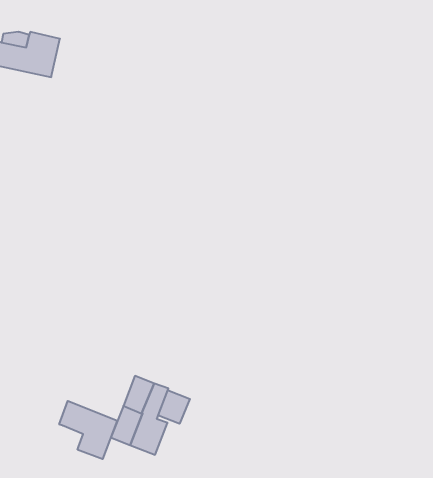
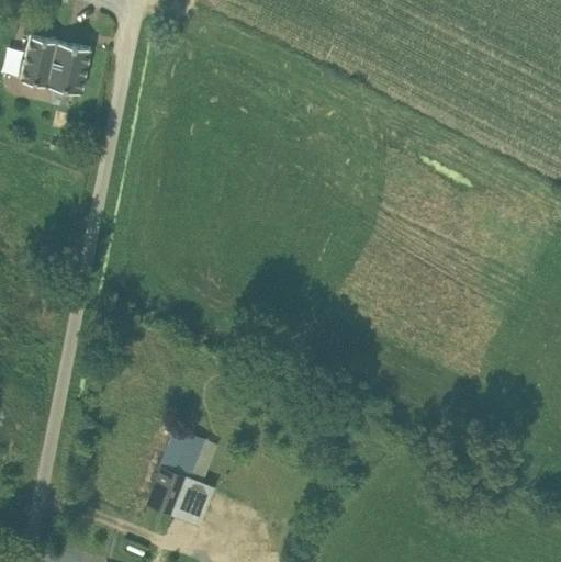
building: [158,390,190,424] -> none
building: [59,401,117,459] -> none

